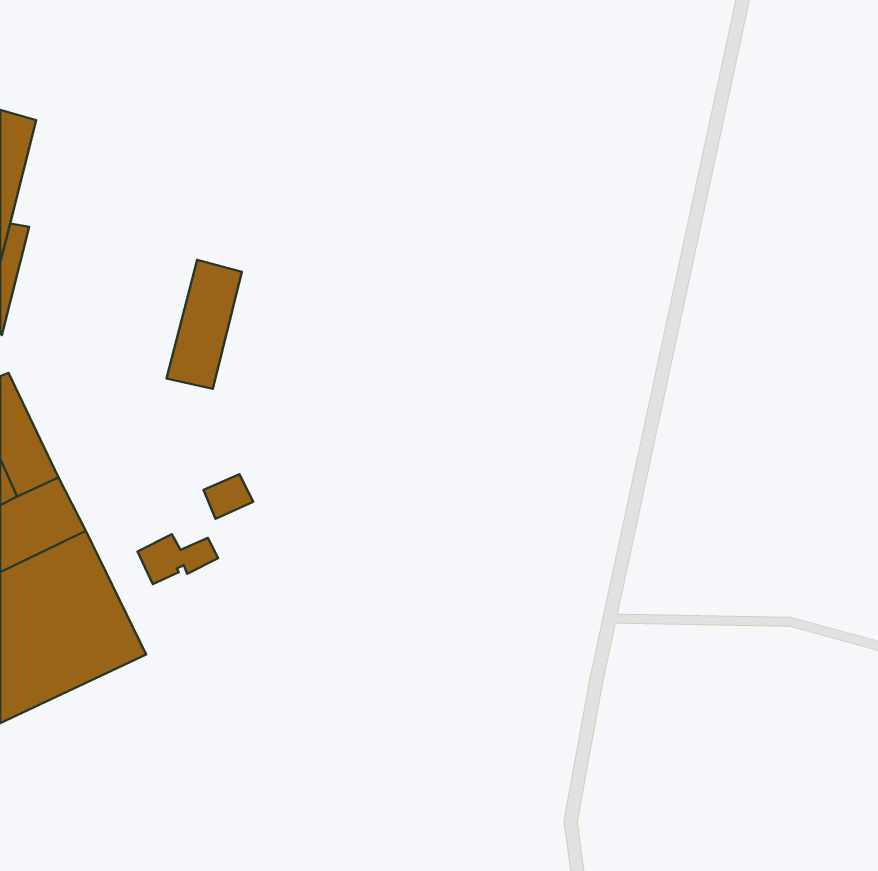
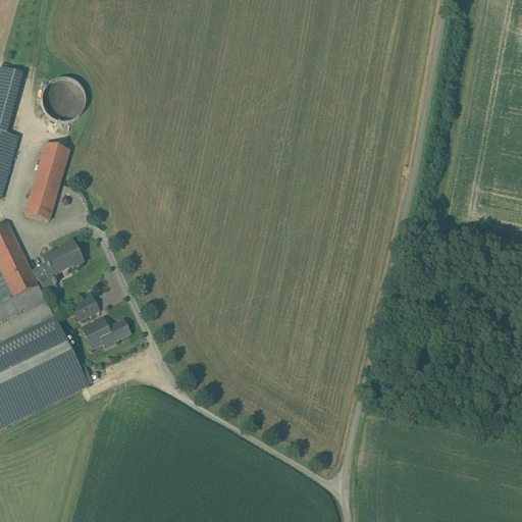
building: none -> [48,75,82,116]
building: [166,260,242,389] -> [21,141,66,217]
building: none -> [41,239,82,274]
building: [203,474,253,519] -> [69,294,99,320]

